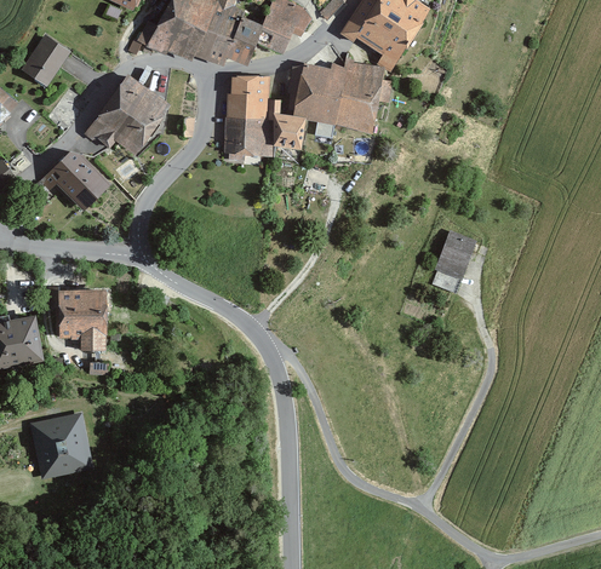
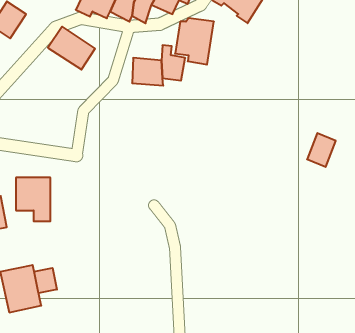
building: [332,61,379,131] -> none
building: [225,75,270,120] -> none
building: [84,102,151,155] -> none
building: [47,144,111,208] -> none
building: [435,230,476,278] -> [307,133,336,167]
building: none -> [34,268,57,293]

